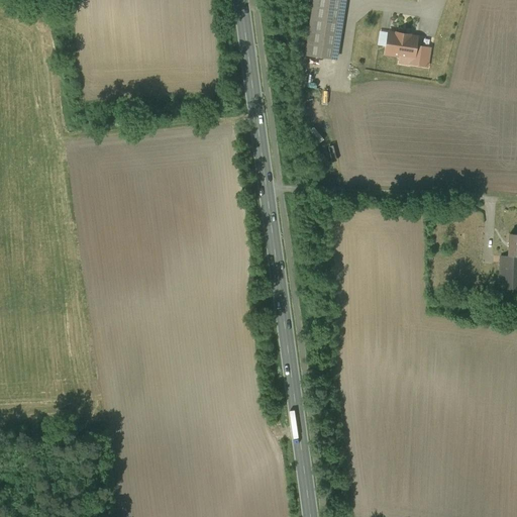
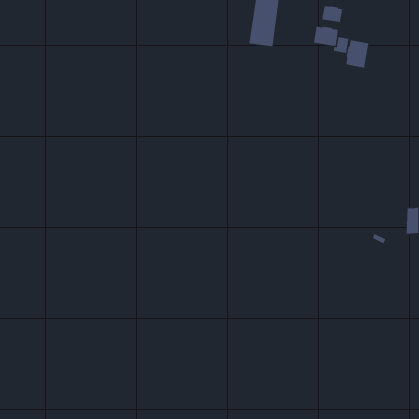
building: none -> [322,5,343,23]
building: none -> [346,39,369,68]

